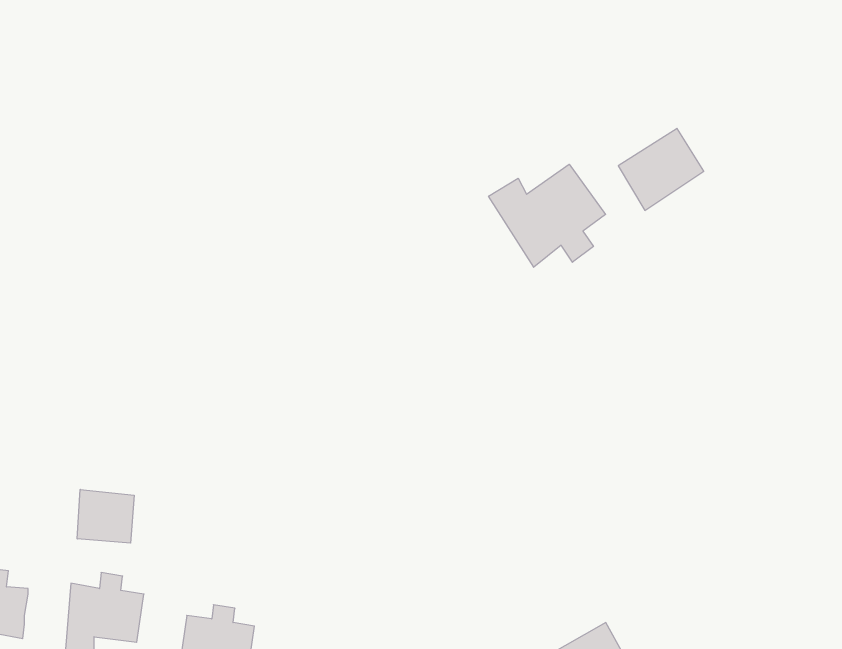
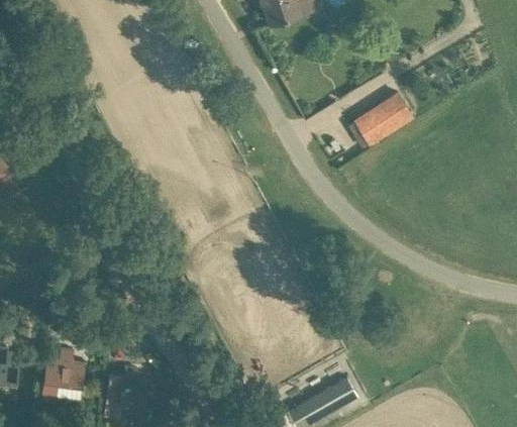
building: [489,164,606,267] -> none
building: [77,489,134,543] -> none

